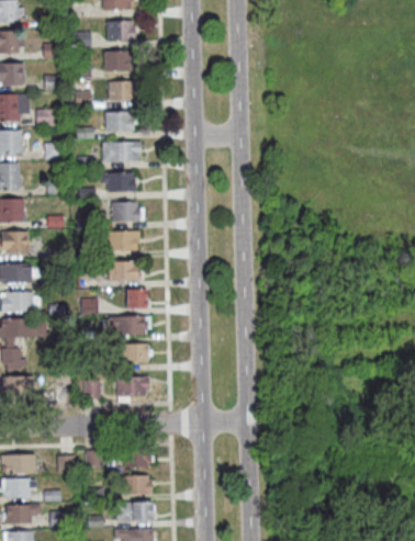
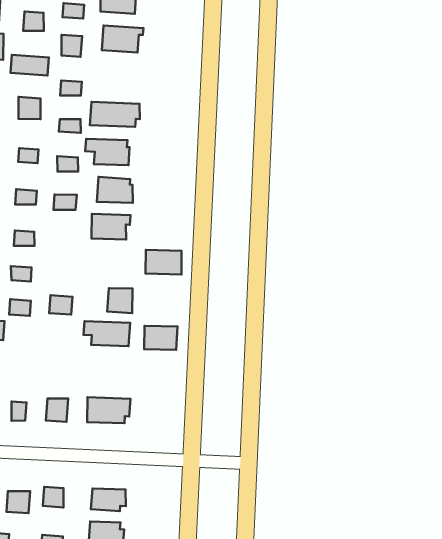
building: [105,111,134,131] -> none
building: [108,261,137,281] -> [146,250,182,274]
building: [122,343,148,363] -> [144,326,178,350]

